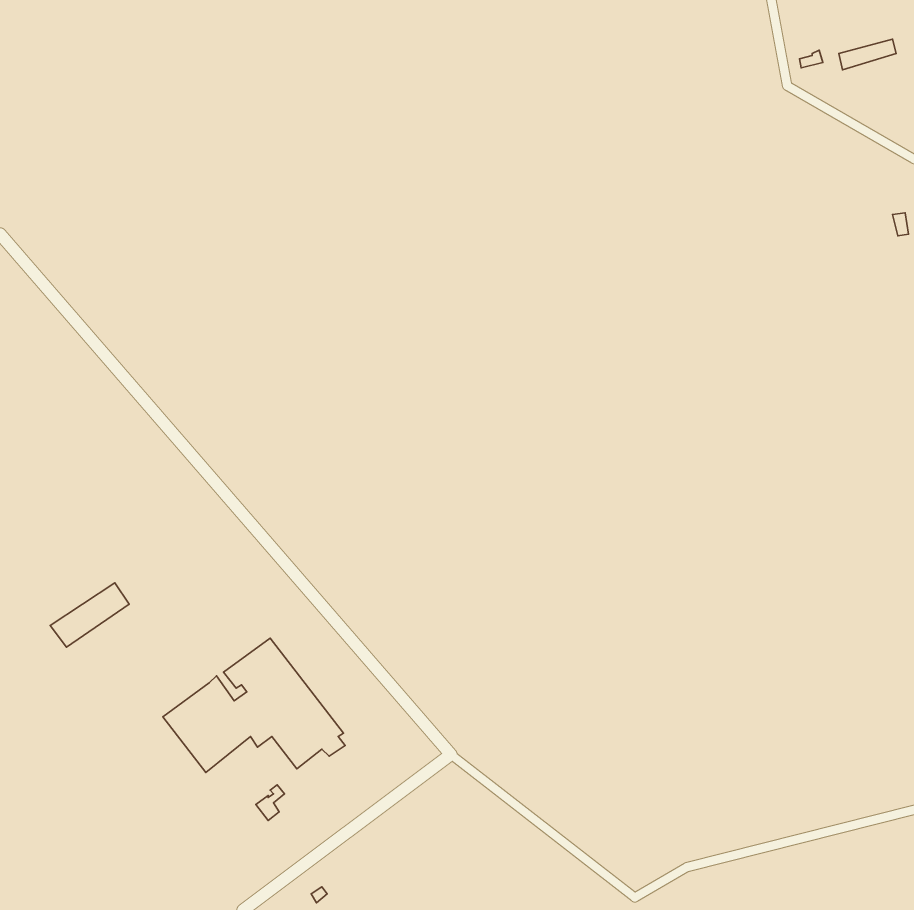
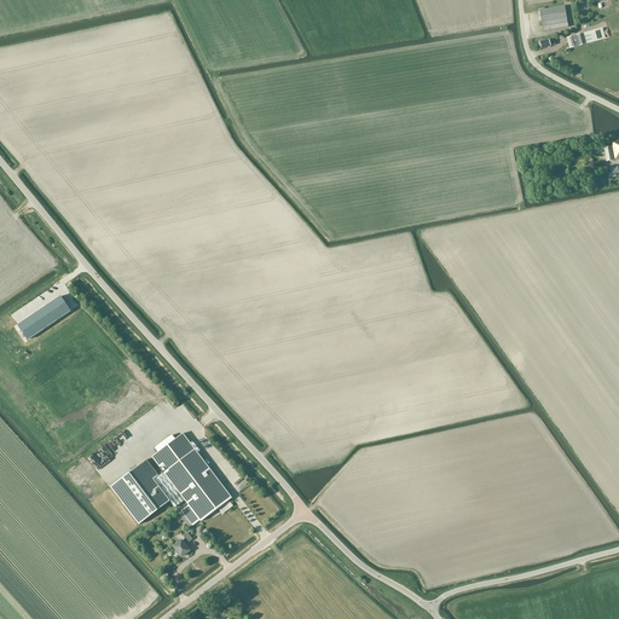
building: none -> [539,5,568,29]
building: [50,583,129,647] -> [17,294,70,337]

